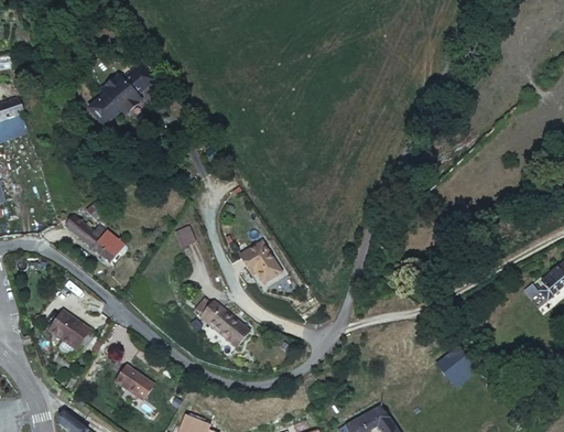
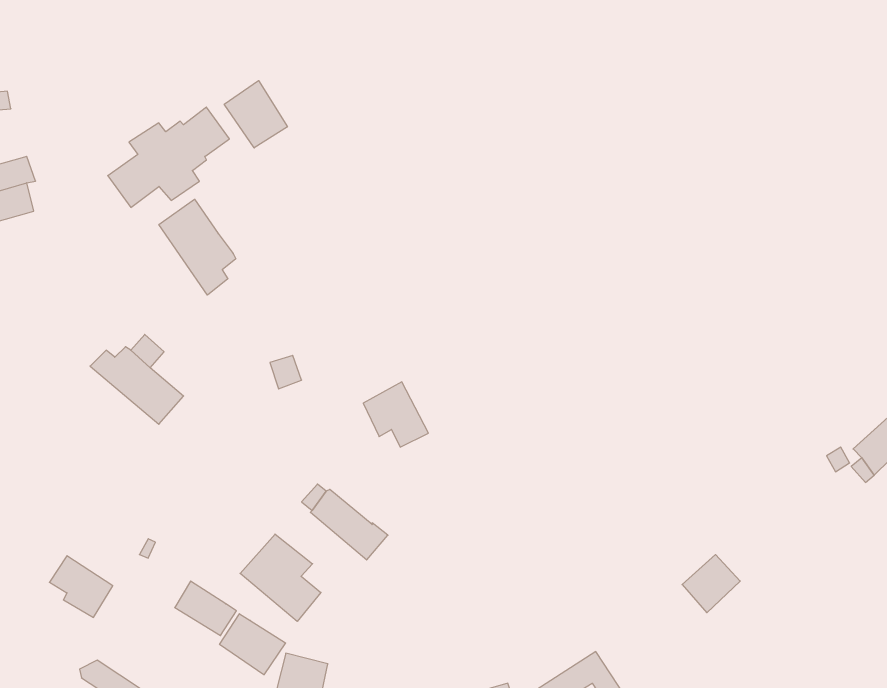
building: none -> [224,81,287,148]
building: none -> [159,199,236,295]
building: [50,312,89,350] -> [49,556,113,617]
building: none -> [240,534,321,621]
building: none -> [220,614,286,675]

